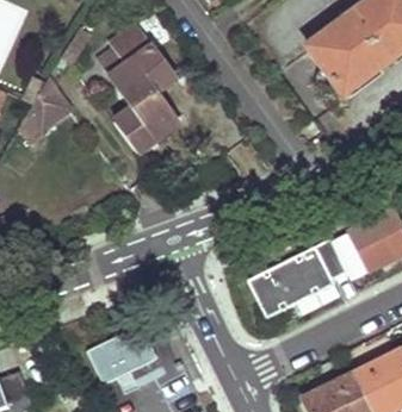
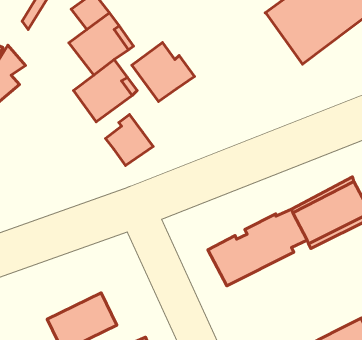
building: none -> [132,43,195,101]
building: none -> [105,114,153,166]

